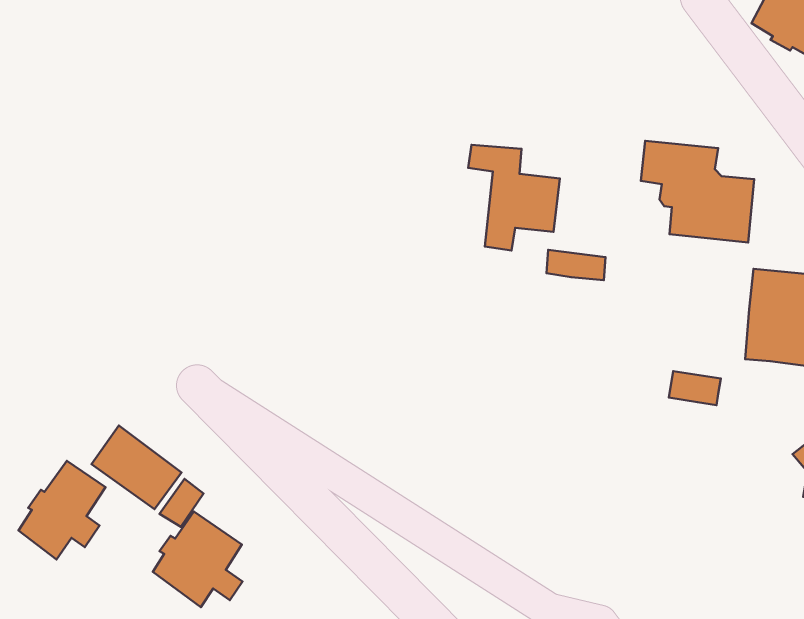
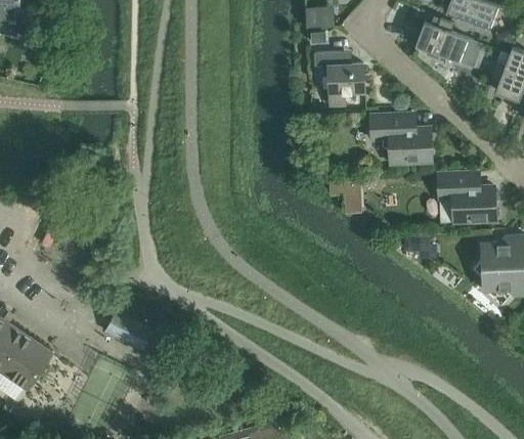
building: [468,145,560,251] -> [314,52,364,106]
building: [18,461,105,559] -> none
building: [153,512,242,607] -> none

